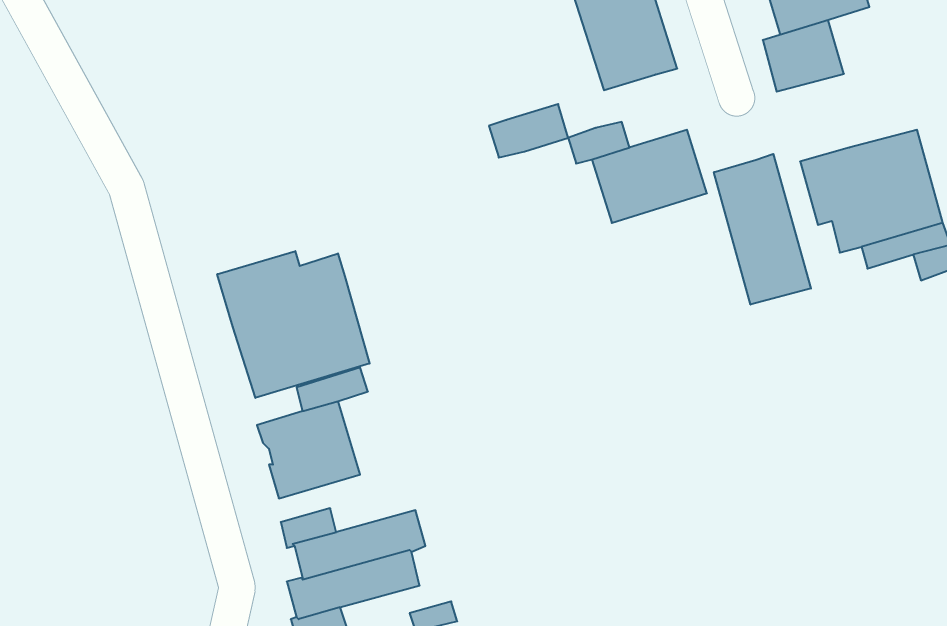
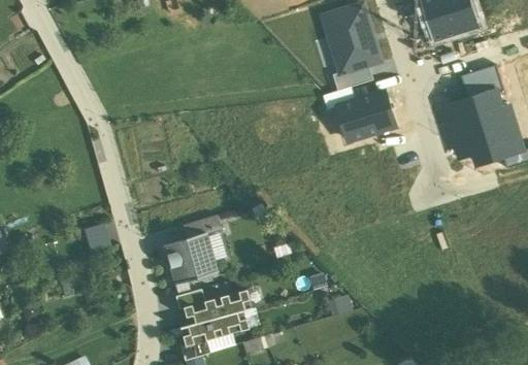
building: [763,20,844,92] -> [463,63,505,100]
building: [489,104,568,158] -> [333,62,374,90]
building: [714,154,811,305] -> none
building: [217,251,370,398] -> none
building: none -> [84,221,109,250]

